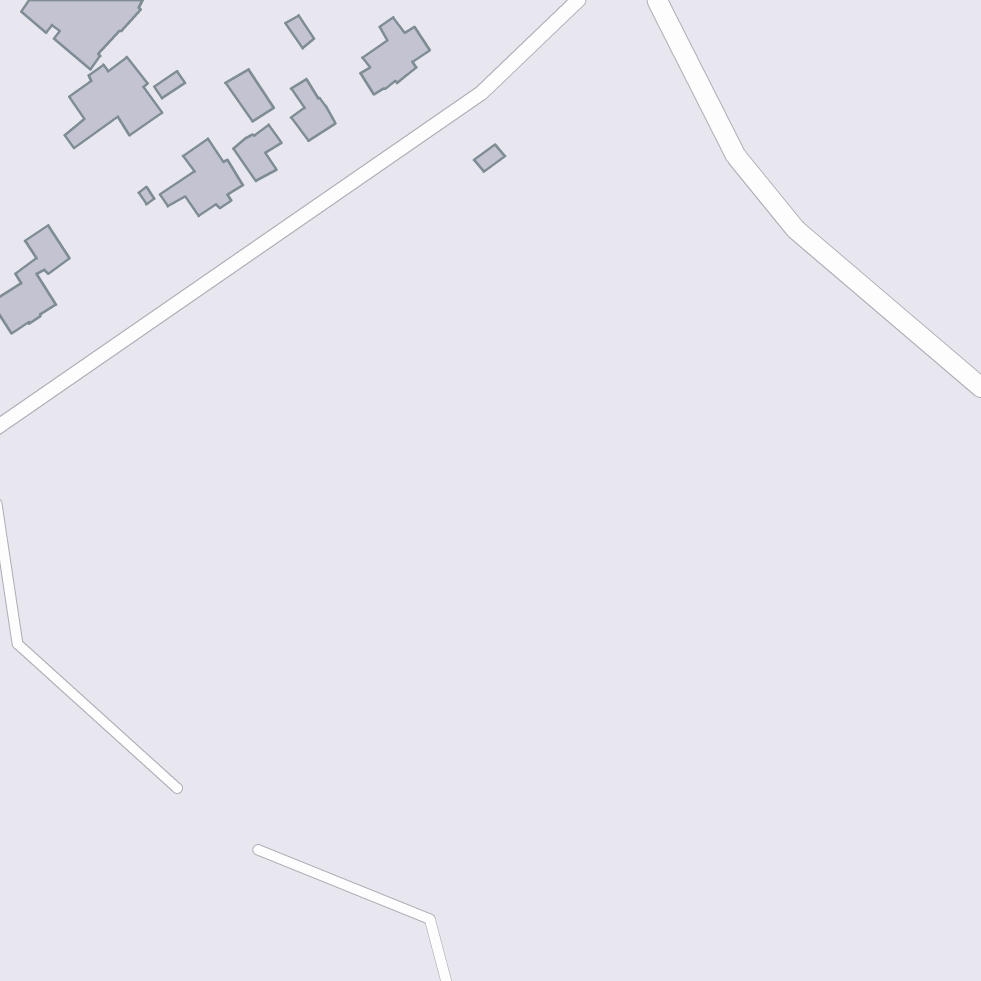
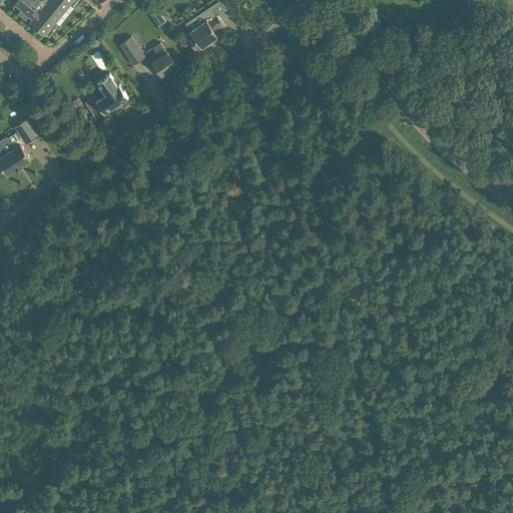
building: [65,57,162,148] -> none
building: [233,125,281,181] -> none

